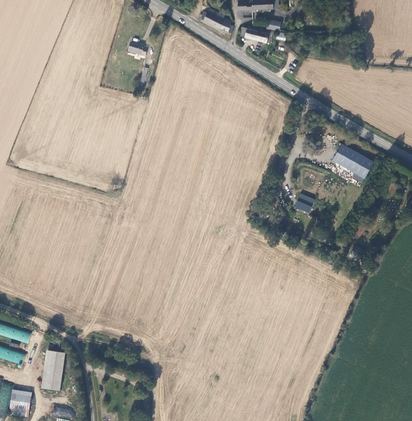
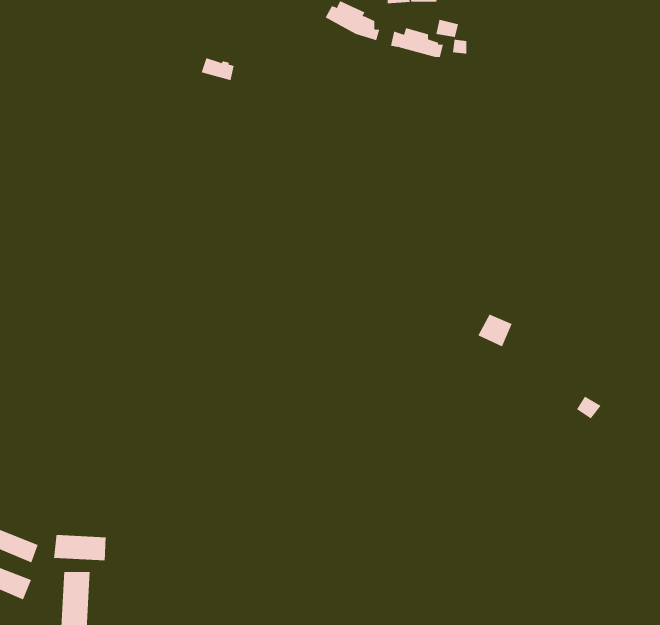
building: [330,140,371,177] -> none
building: none -> [54,534,106,561]

